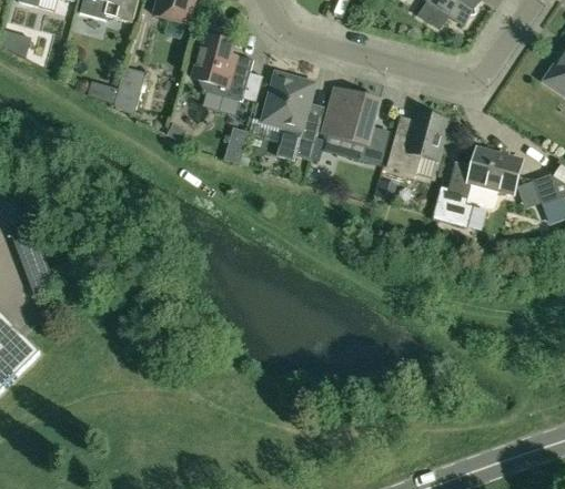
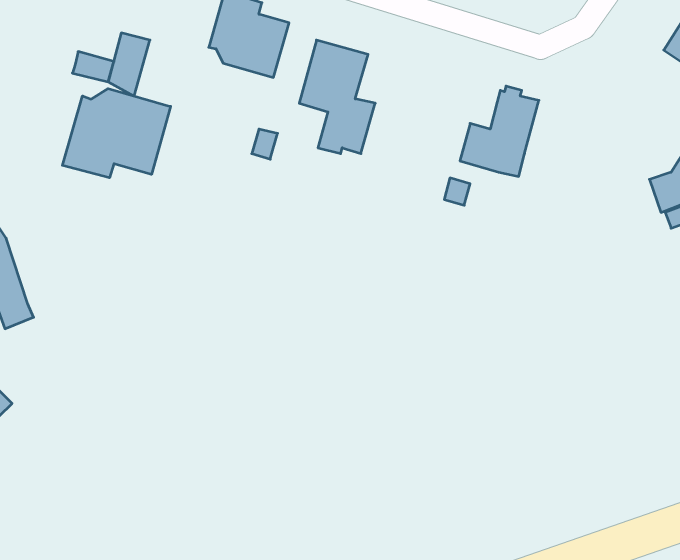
building: [322,88,386,163] -> none
building: none -> [62,89,171,178]
building: [431,149,521,227] -> none

